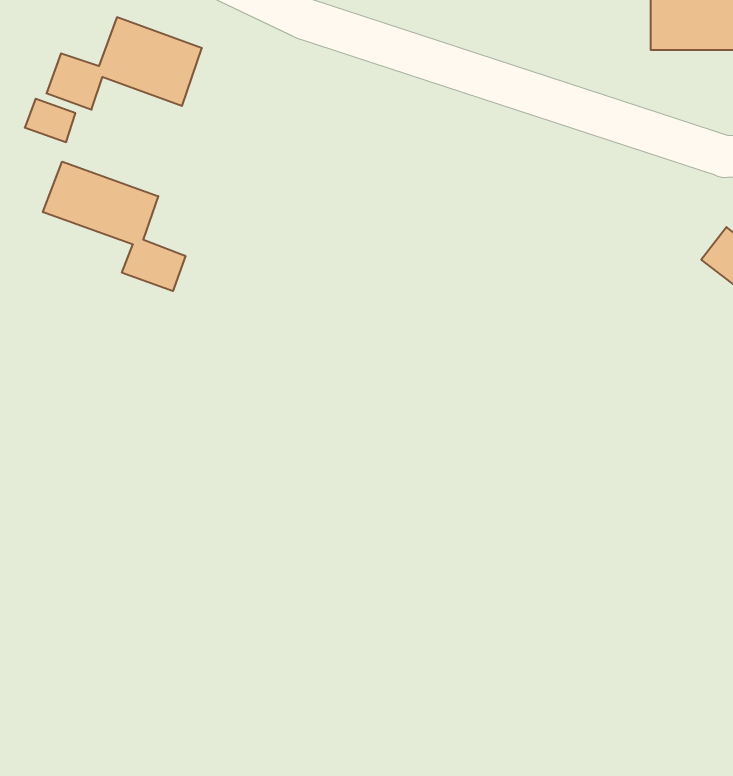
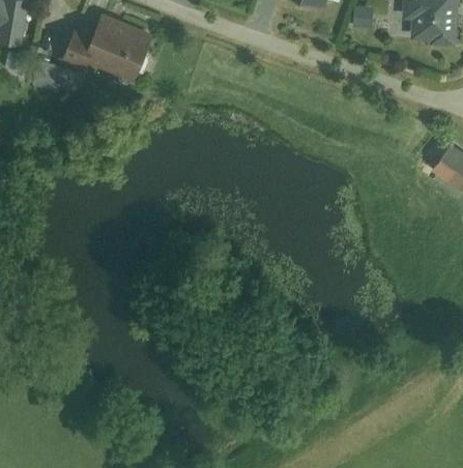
building: [43,162,185,291] -> none

